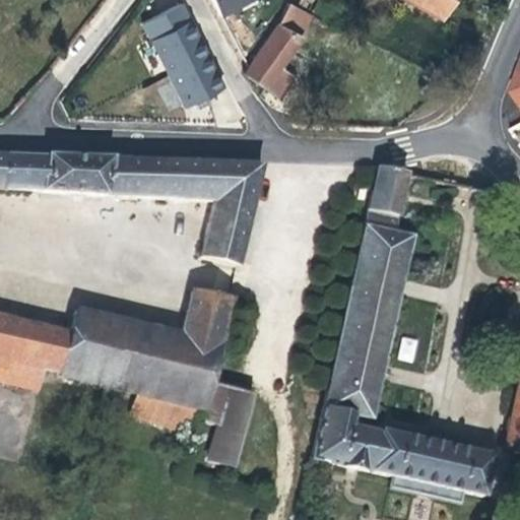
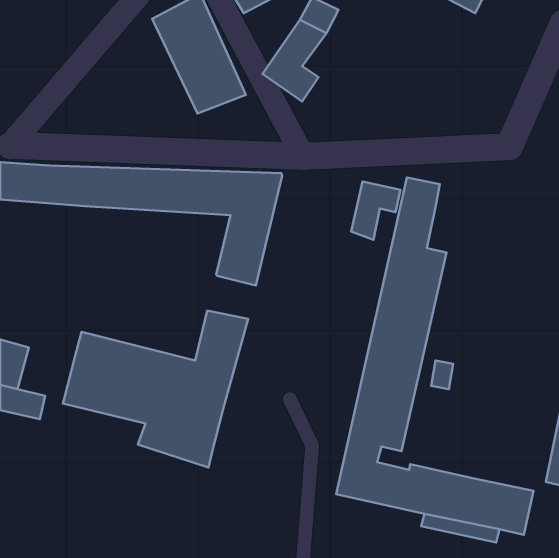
building: none -> [351,181,401,240]
building: [20,320,73,369] -> none
building: [199,378,256,464] -> none

